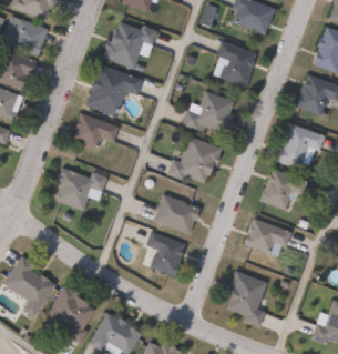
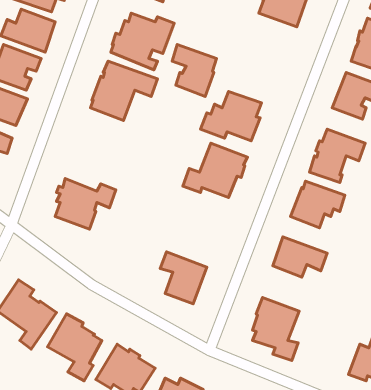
building: [215,40,254,85] -> [172,45,216,96]
building: [69,112,117,149] -> none
building: [151,193,198,234] -> none

